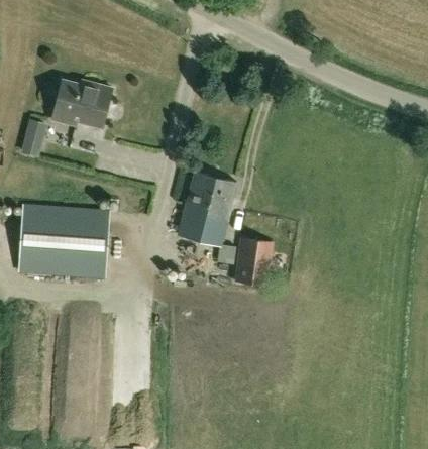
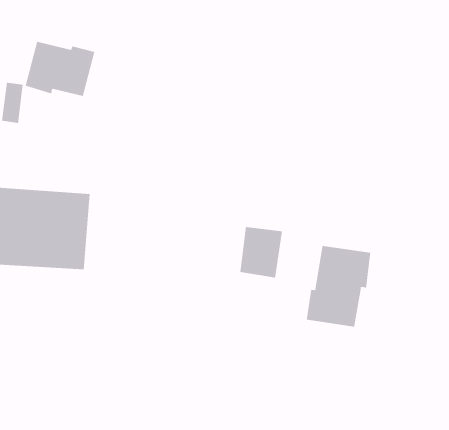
building: [178,172,235,245] -> none
building: none -> [306,245,371,327]

